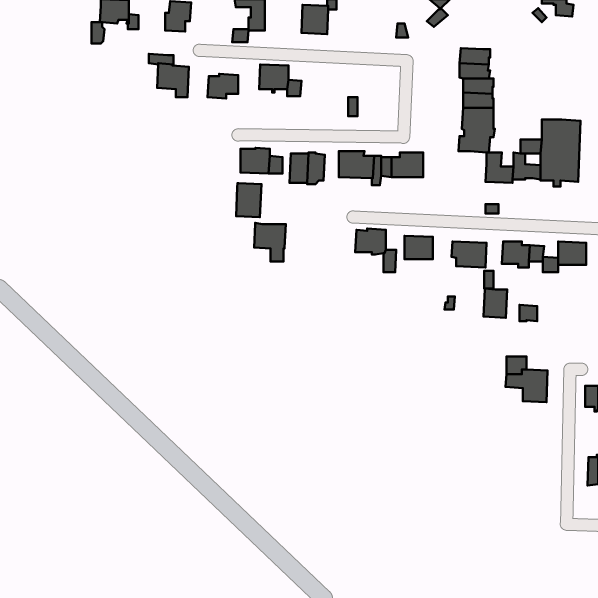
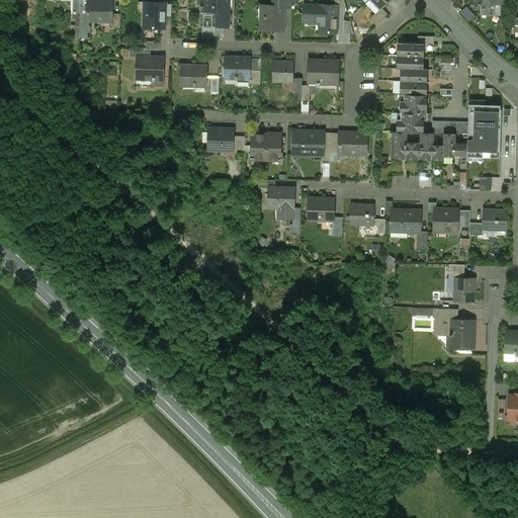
building: none -> [307,4,336,31]
building: none -> [307,59,338,86]
building: none -> [271,60,292,81]
building: none -> [391,131,420,157]
building: [236,183,261,217] -> none
building: [254,223,286,262] -> [267,185,294,219]
building: [484,288,507,318] -> [453,276,473,301]

